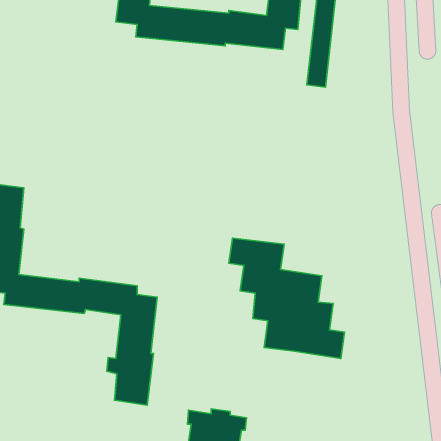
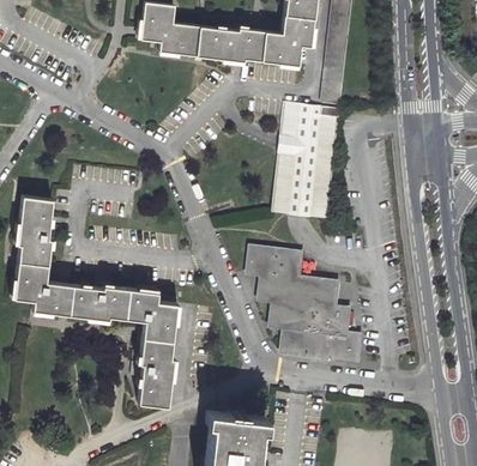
building: none -> [273,102,342,219]

